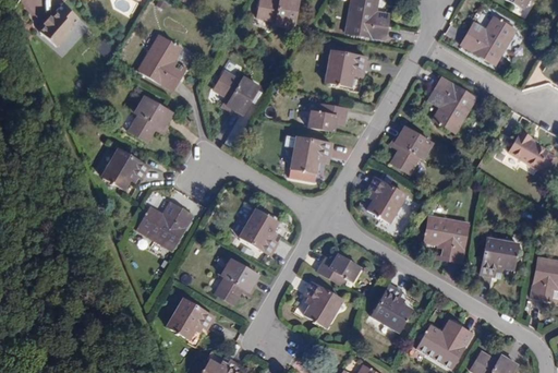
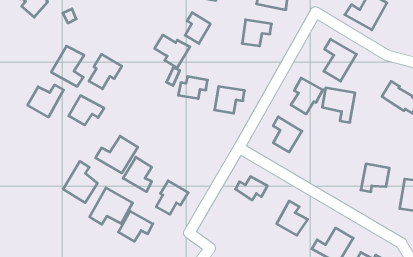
building: [138,36,181,88] -> [51,46,84,86]
building: none -> [185,13,210,44]
building: [307,103,345,131] -> [178,77,208,99]
building: none -> [28,85,64,117]
building: [240,209,277,254] -> [123,157,152,192]
building: [424,216,466,261] -> [322,88,355,122]
building: none -> [63,161,97,203]
building: none -> [90,188,133,224]
building: [305,282,341,326] -> none

